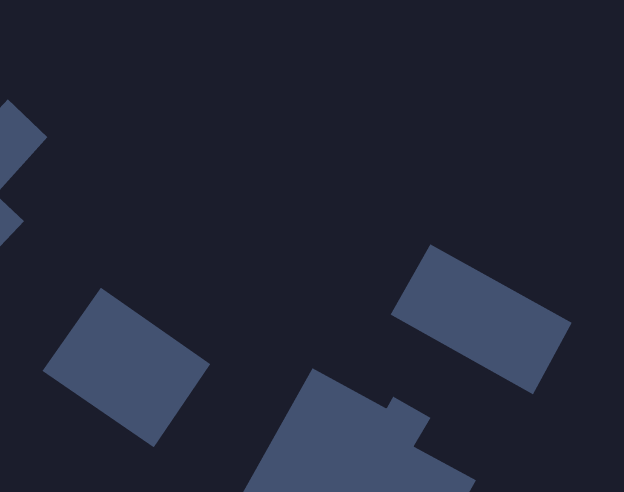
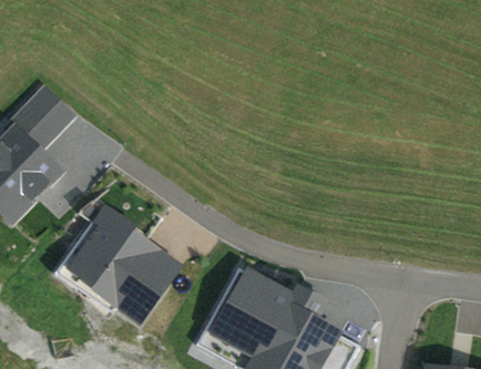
building: [390,244,573,395] -> none

